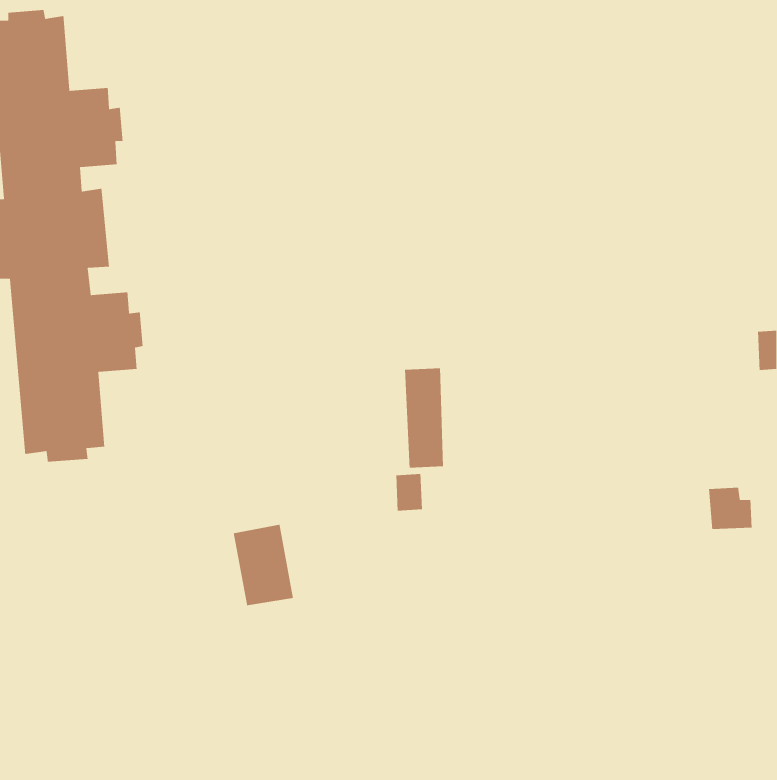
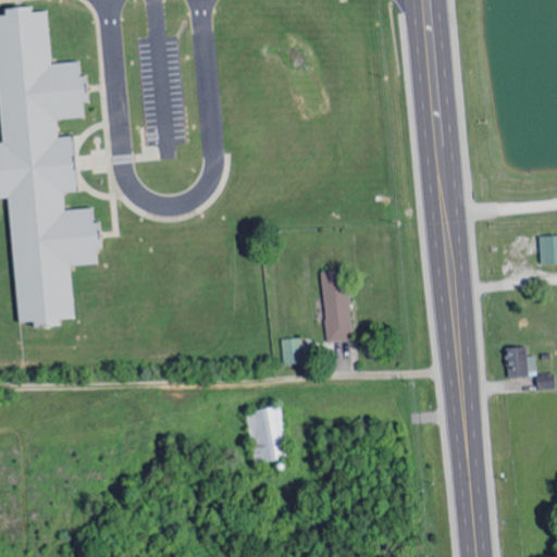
building: [404,368,444,468] -> [322,270,350,342]
building: [233,524,294,606] -> [246,404,289,462]

